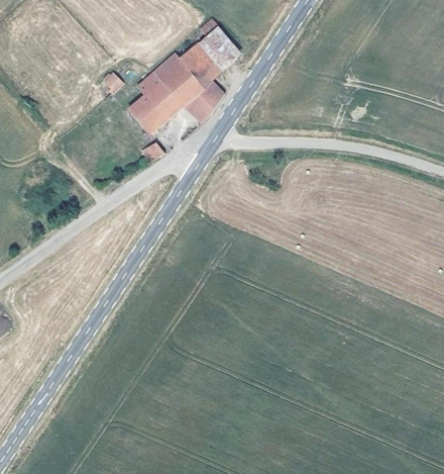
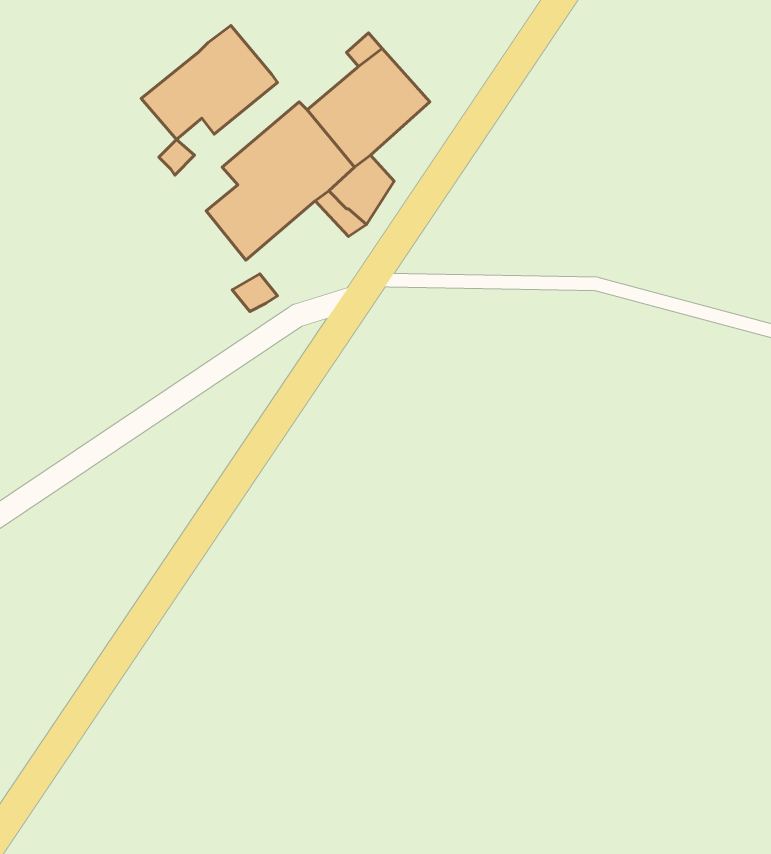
building: none -> [141,26,277,140]

